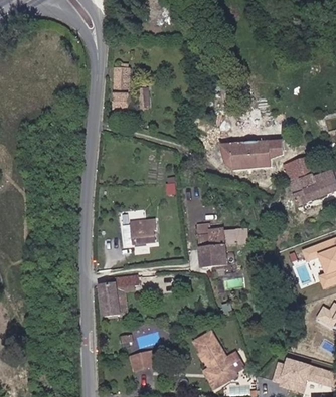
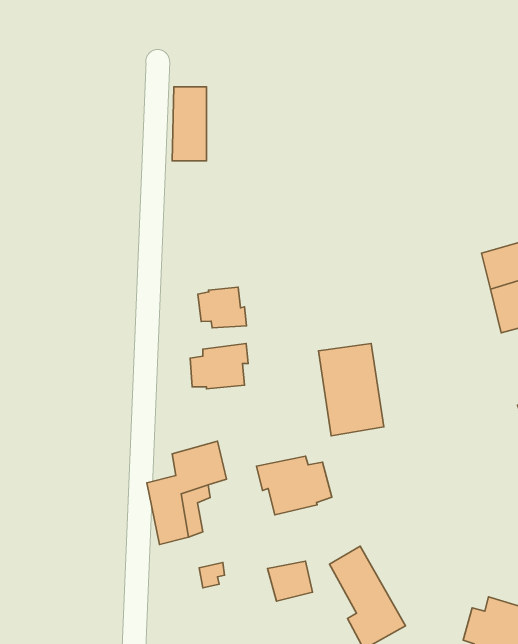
building: [219,140,276,174] -> none
building: none -> [198,287,246,328]
building: none -> [257,456,332,515]
building: [135,351,160,373] -> [267,561,313,601]

